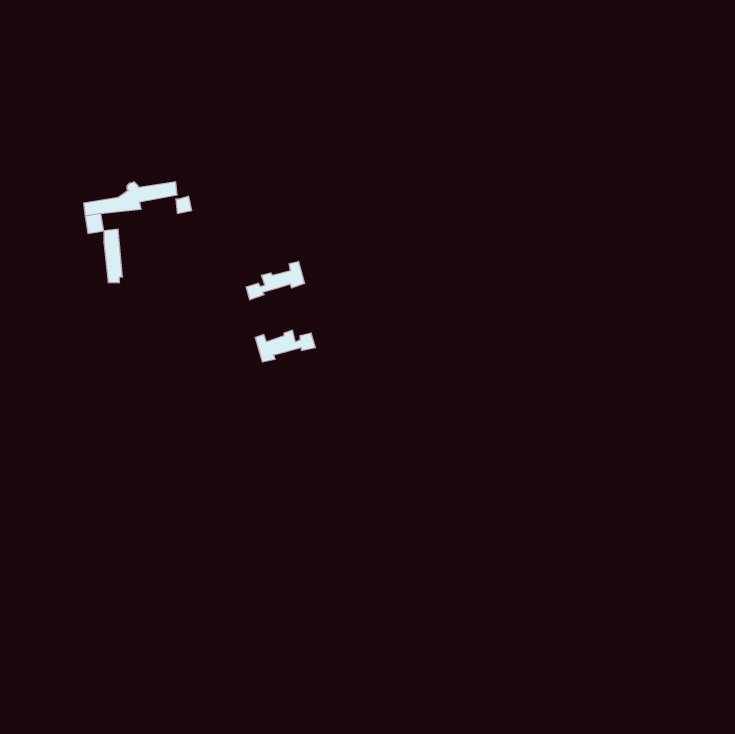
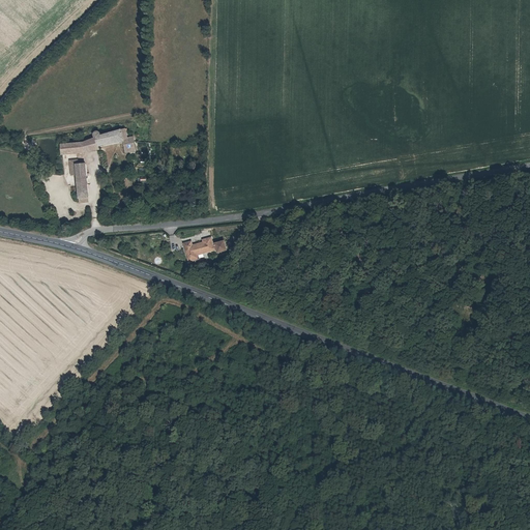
building: [246,261,305,300] -> none

